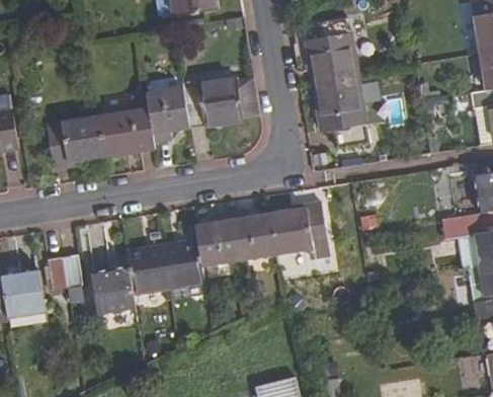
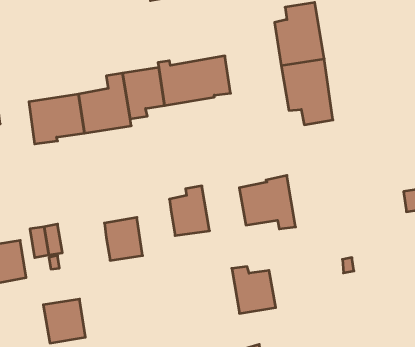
building: [230,211,276,260] -> [232,267,276,313]
building: [161,240,204,287] -> none
building: [90,267,135,314] -> [43,299,85,343]

